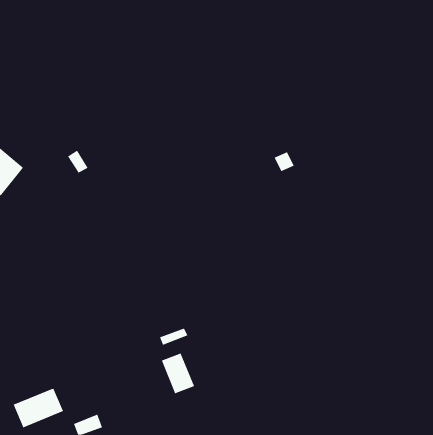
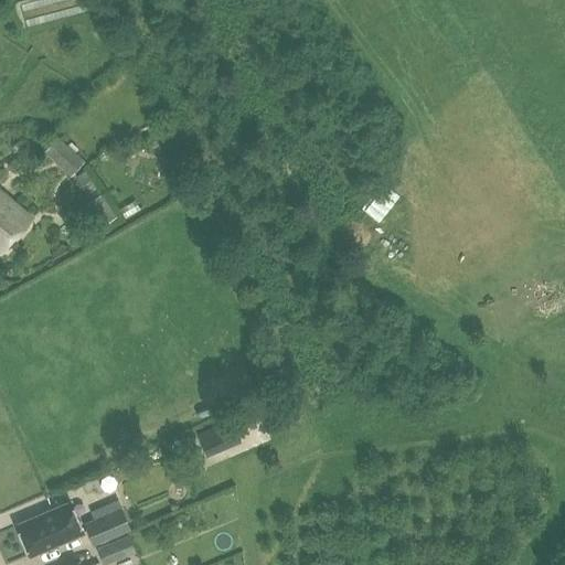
building: none -> [42,137,84,177]
building: [161,353,195,394] -> none
building: none -> [83,508,128,546]

